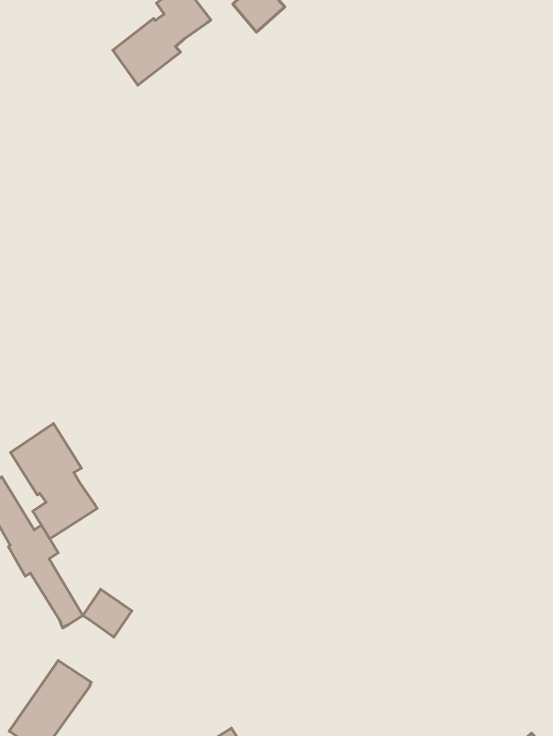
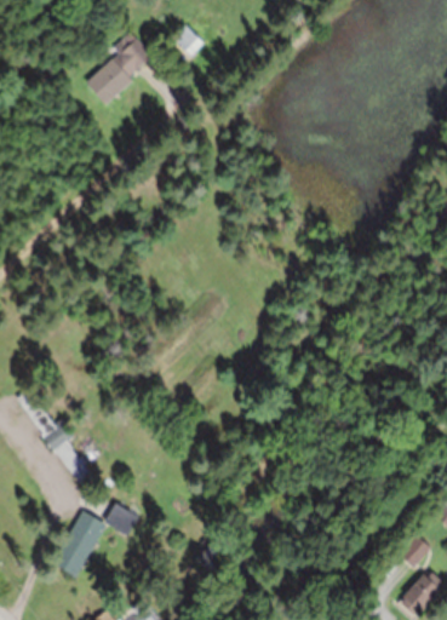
building: [10,424,97,539] -> none
building: [83,589,132,637] -> [104,503,138,535]

